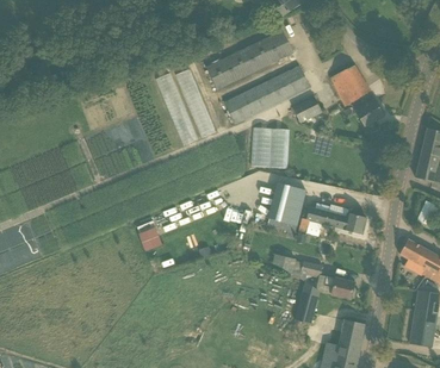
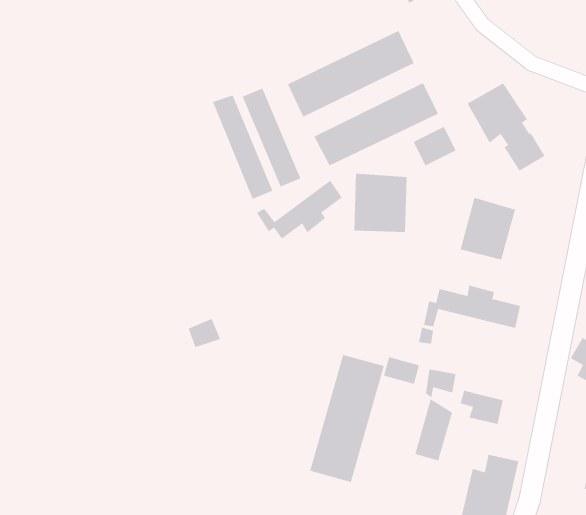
building: none -> [256,180,342,240]
building: [268,182,306,225] -> [460,197,516,260]
building: none -> [309,354,385,483]

